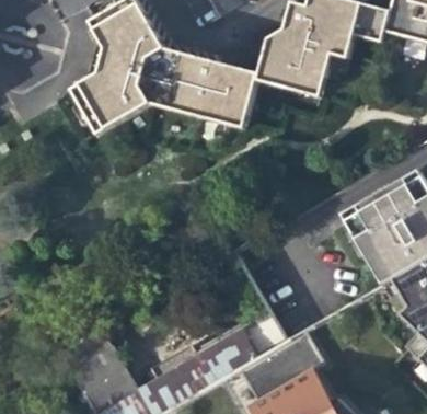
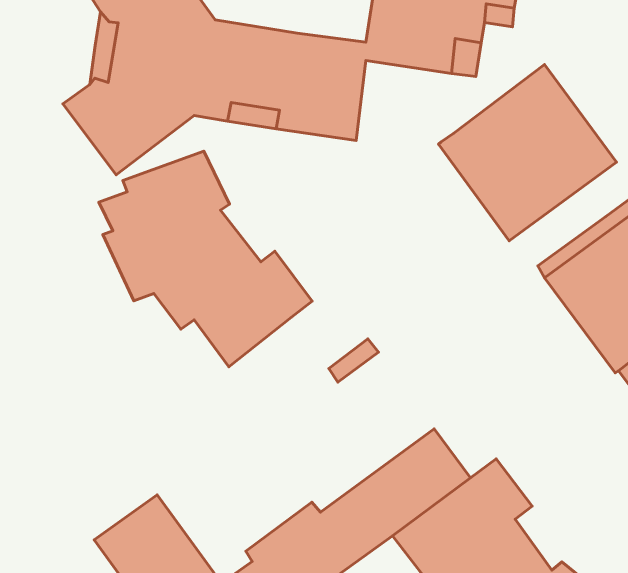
building: none -> [439,64,617,241]
building: none -> [99,151,312,367]

